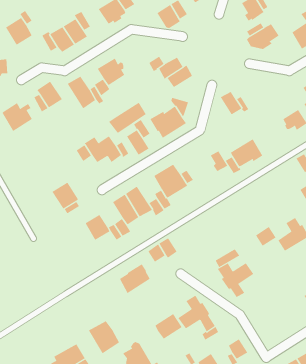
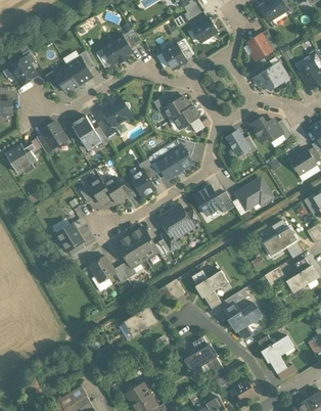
building: none -> [250,117,282,141]
building: [108,102,146,134] -> none
building: none -> [193,185,221,215]
building: none -> [262,221,301,260]
building: none -> [190,272,226,310]
building: none -> [257,336,292,374]
building: [155,313,183,339] -> none
building: [88,320,120,354] -> none

